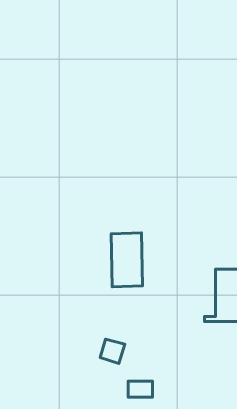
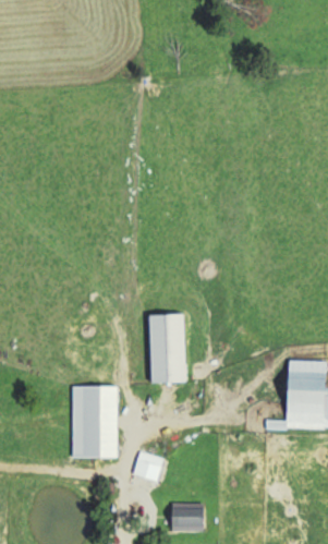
building: none -> [73,386,118,458]

